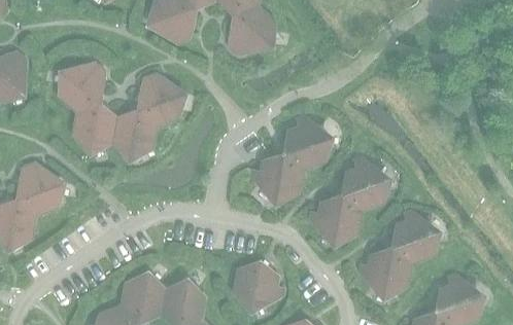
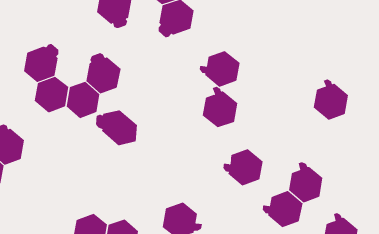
building: none -> [96,110,138,146]
building: [250,152,303,198] -> [199,51,240,88]
building: [341,157,386,210] -> [313,79,349,121]

